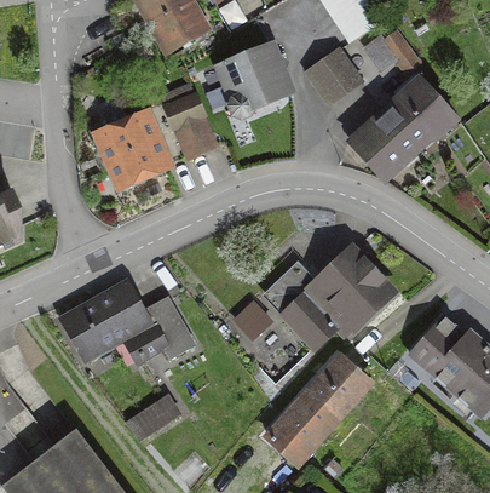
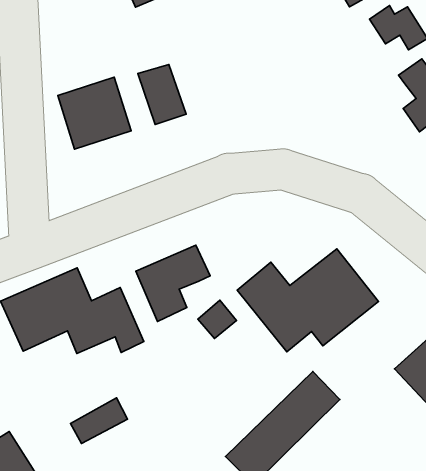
building: [220,46,288,115] -> none
building: [306,52,359,103] -> none
building: [359,102,417,170] -> none
building: none -> [136,245,210,321]

